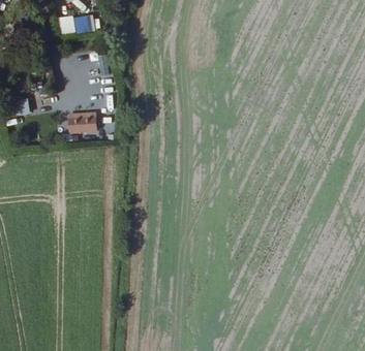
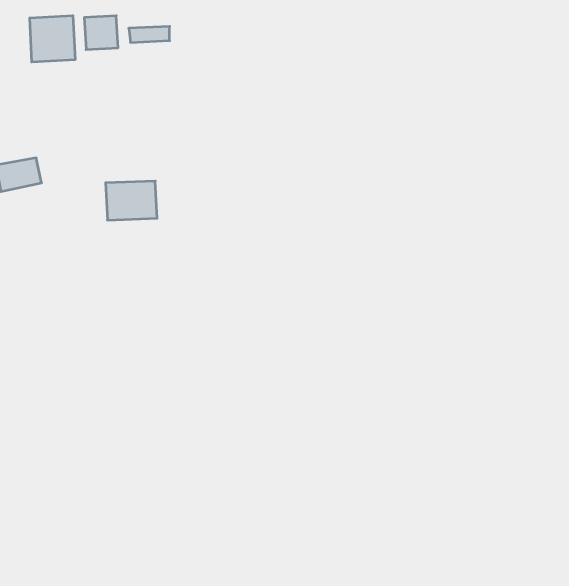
building: none -> [30,16,75,62]

